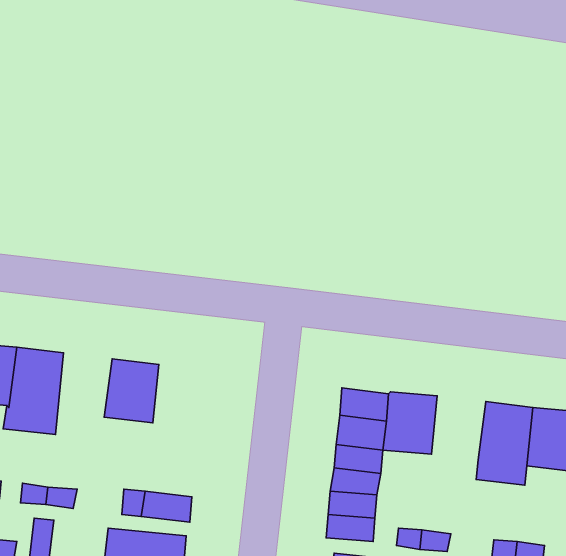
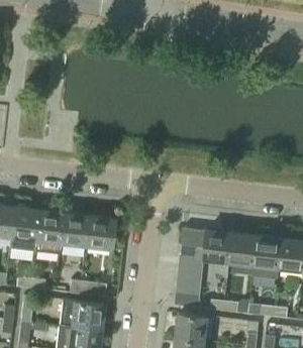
building: none -> [34,211,64,255]
building: none -> [85,217,113,249]
building: none -> [229,233,258,266]

